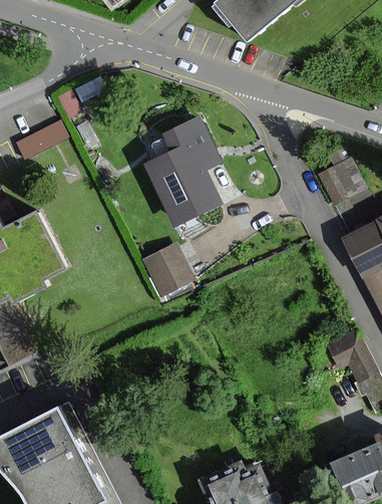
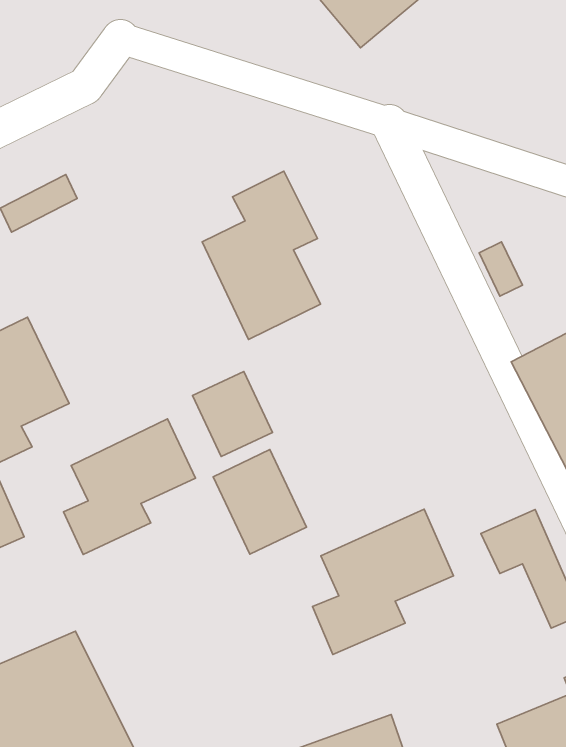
building: none -> [64,419,196,554]
building: none -> [213,450,306,554]
building: none -> [312,509,454,654]

